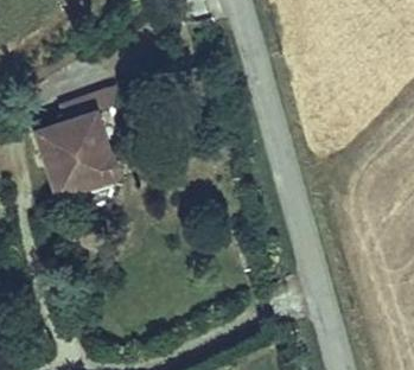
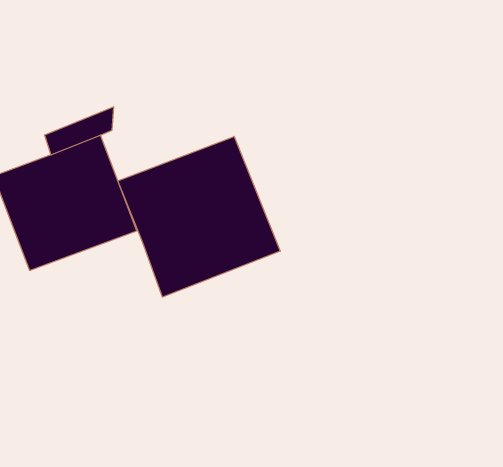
building: none -> [118,136,280,297]

